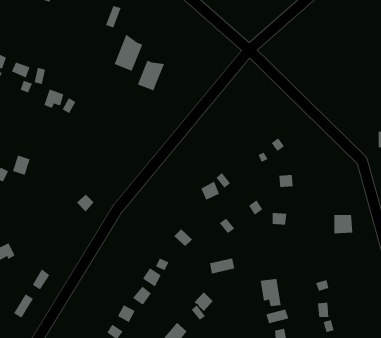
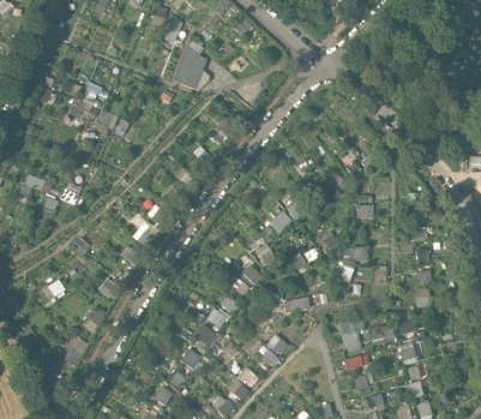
building: [137,60,165,91] -> none

